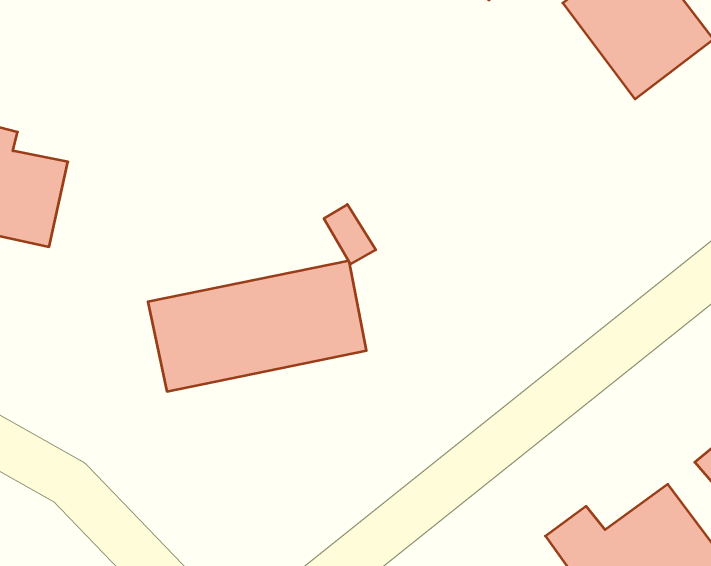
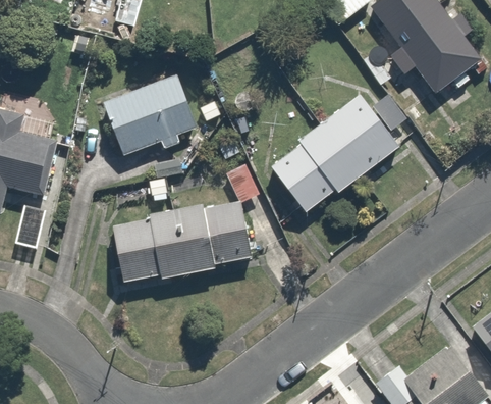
building: none -> [101,71,190,152]
building: none -> [271,94,396,211]

